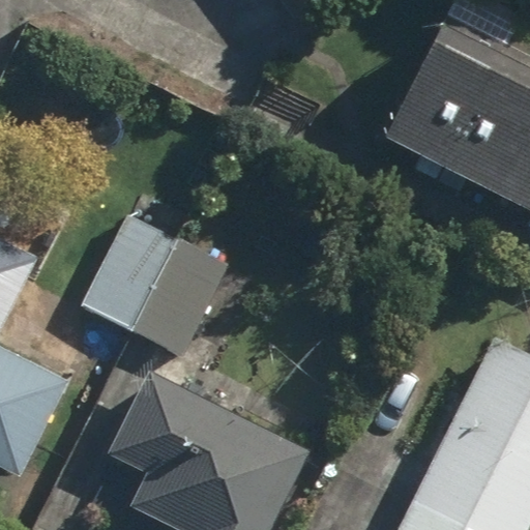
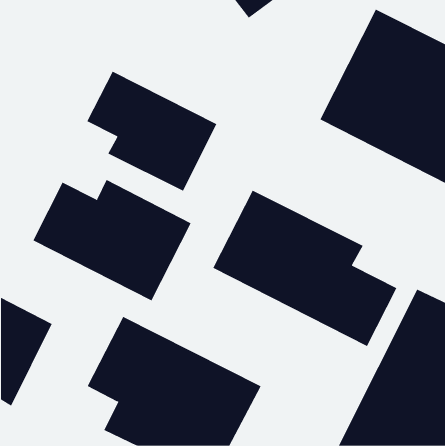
building: none -> [87,71,217,191]
building: none -> [212,190,397,347]

